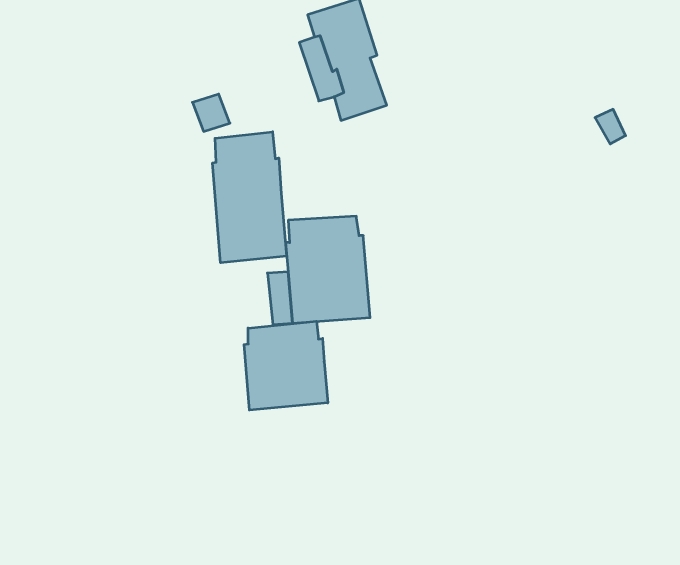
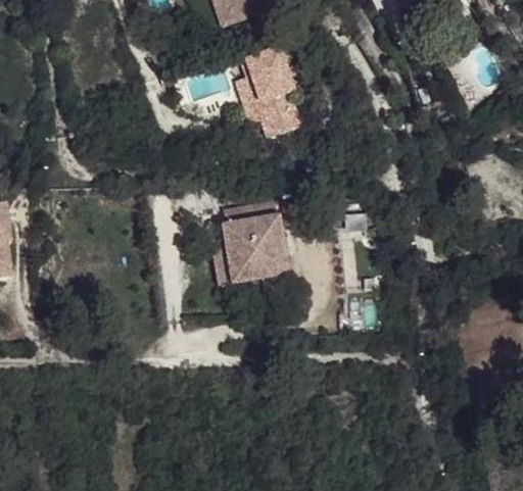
building: [213,132,287,263] -> none
building: [244,321,328,410] -> none

